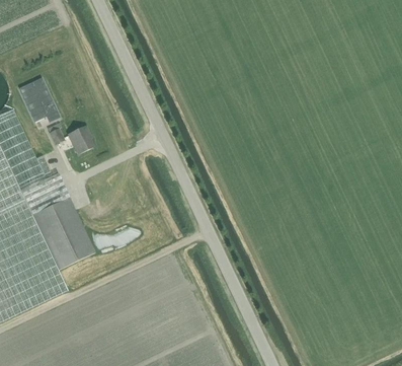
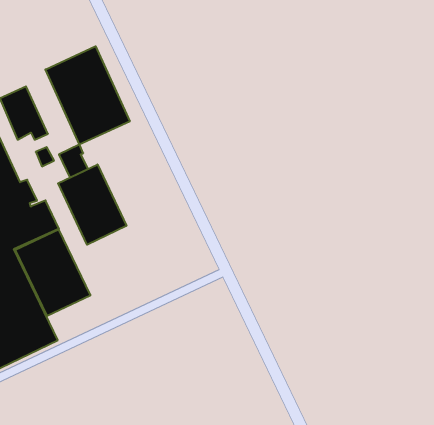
building: none -> [45,46,130,145]
building: none -> [58,164,126,245]

